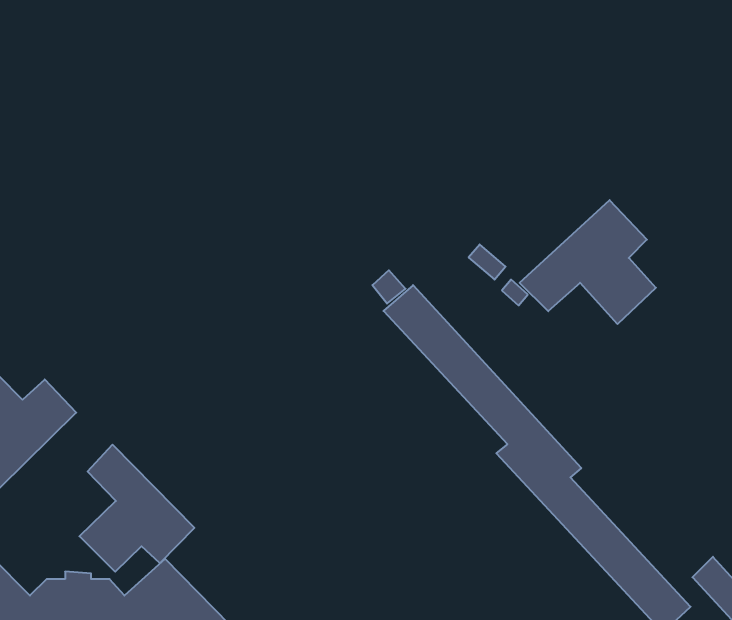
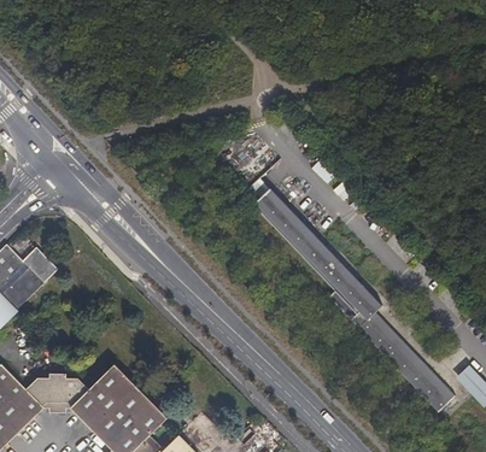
building: [520,200,656,324] -> none
building: [79,445,194,572] -> none

